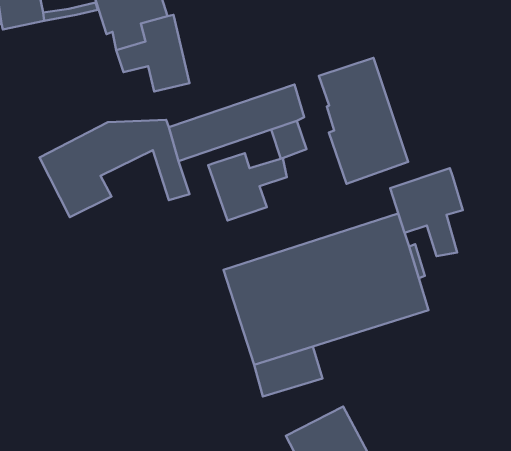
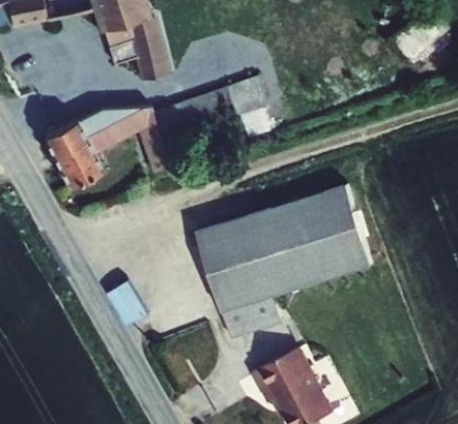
building: [319,58,408,184] -> none
building: [208,153,287,220] -> none
building: [390,168,463,256] -> none

